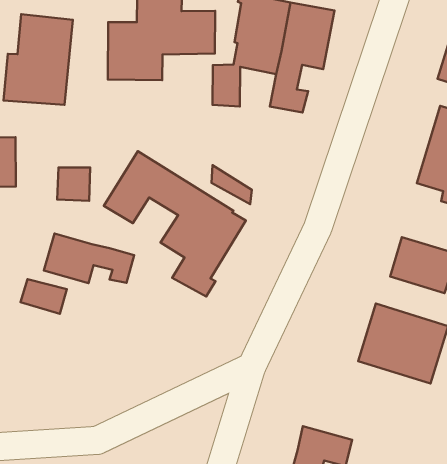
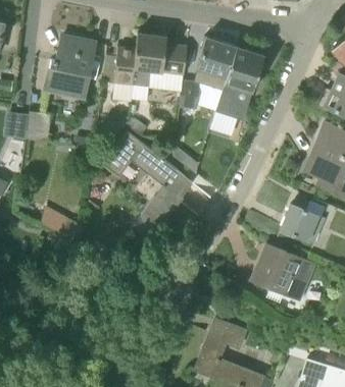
building: [44,234,134,283] -> none

